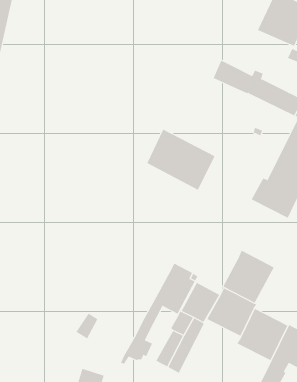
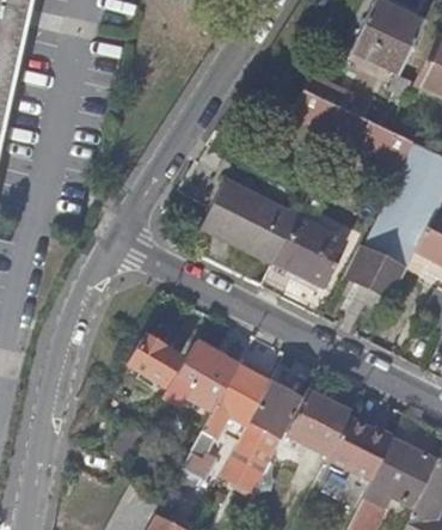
building: none -> [274,217,343,286]
building: none -> [125,334,180,384]
building: [222,250,274,303] -> none
building: none -> [176,341,238,412]

